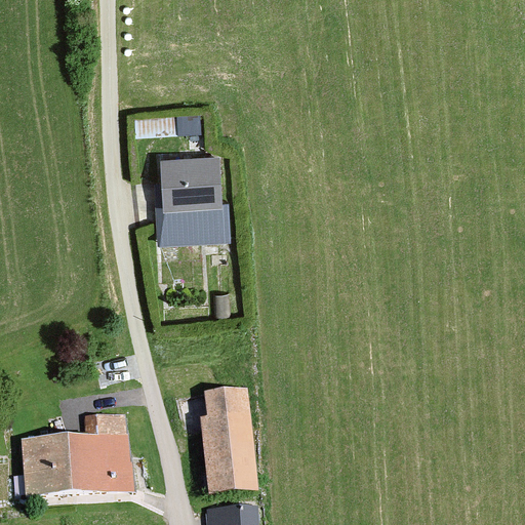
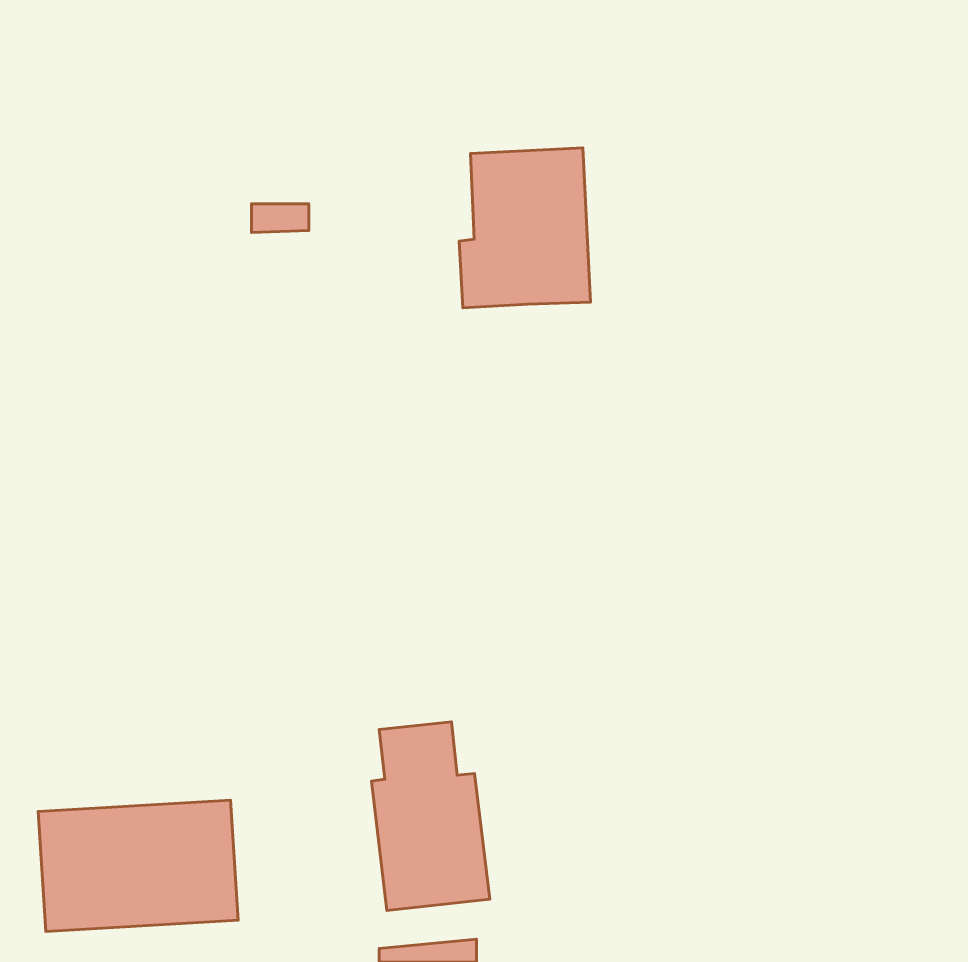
building: [155,153,226,239] -> [459,148,591,308]

